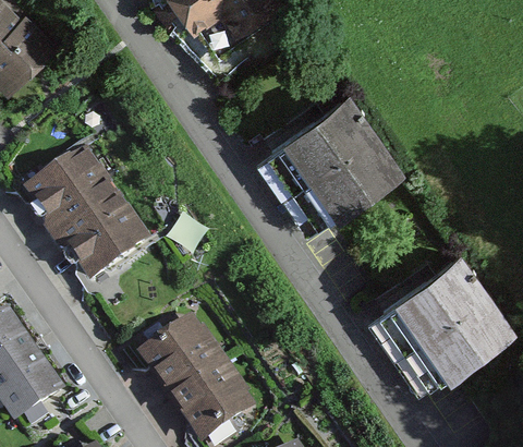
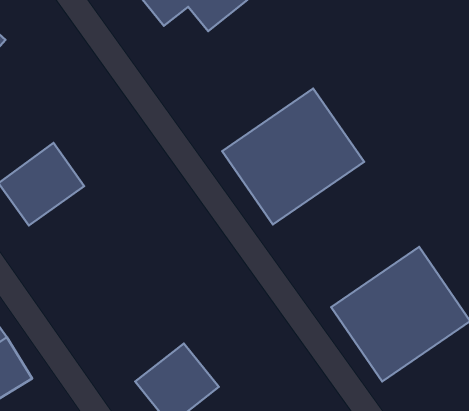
building: [62,195,145,271] -> none
building: [166,215,207,256] -> none
building: [142,318,221,396] -> none

